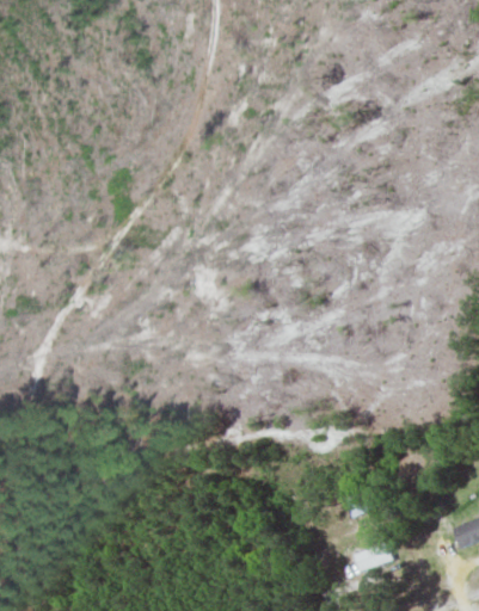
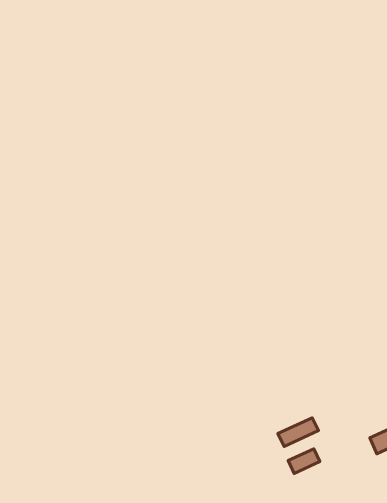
building: none -> [278,418,318,446]

